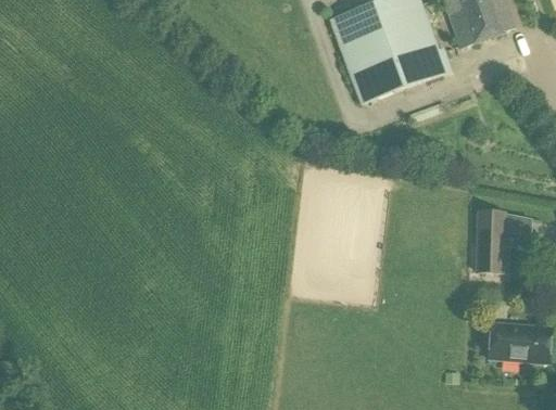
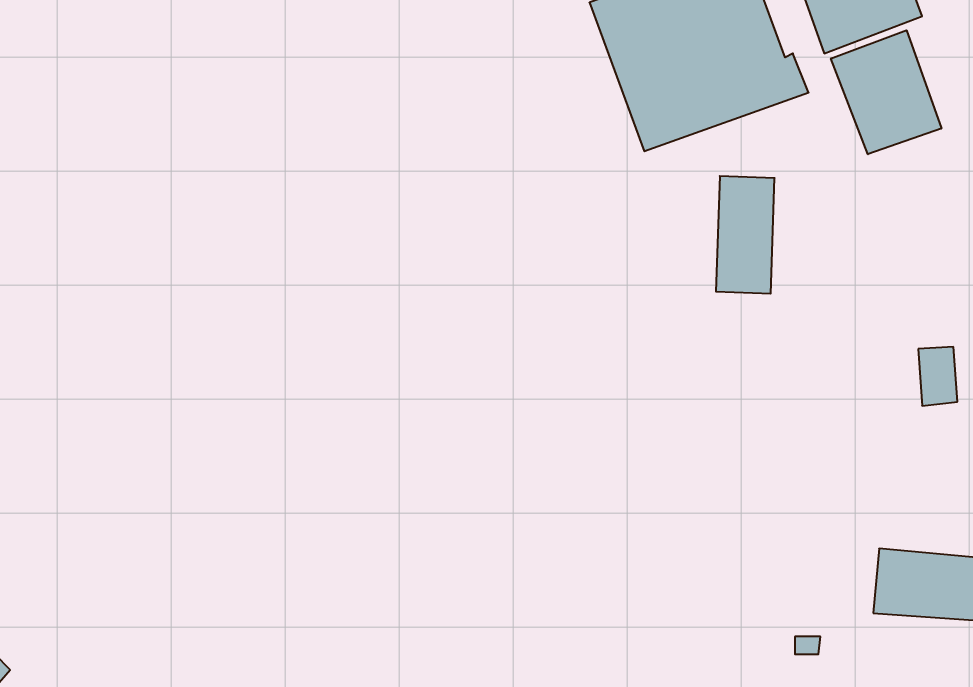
building: none -> [831,30,941,154]
building: [473,208,506,273] -> [716,176,775,294]

